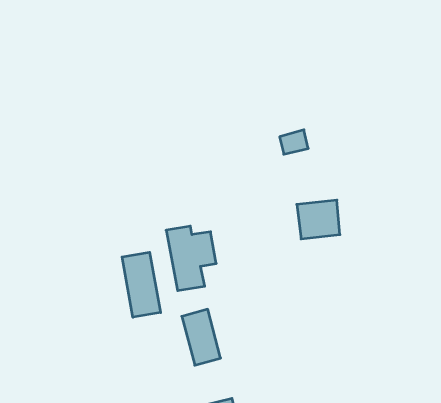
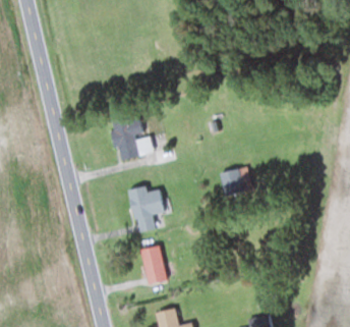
building: none -> [109,115,143,161]
building: [122,252,161,317] -> none

